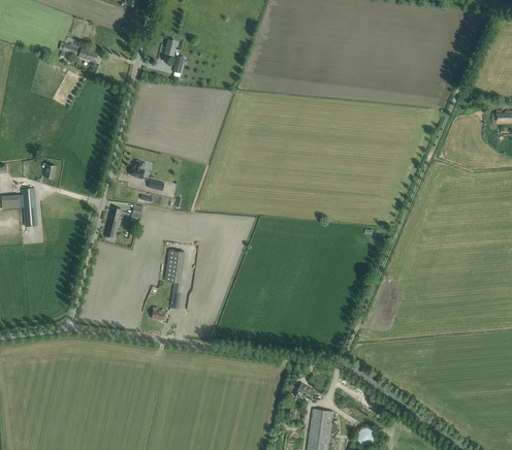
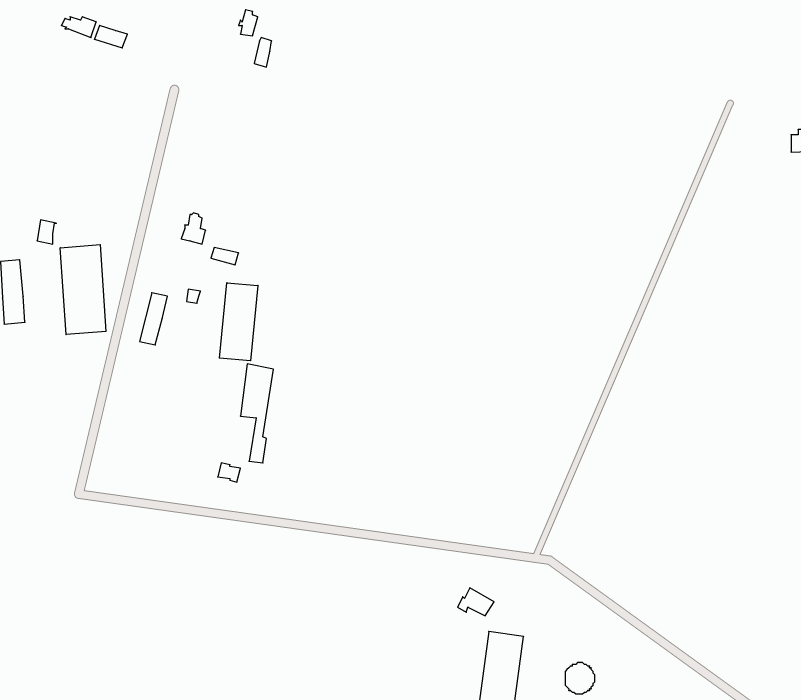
building: none -> [60,245,106,335]
building: none -> [219,283,258,361]

